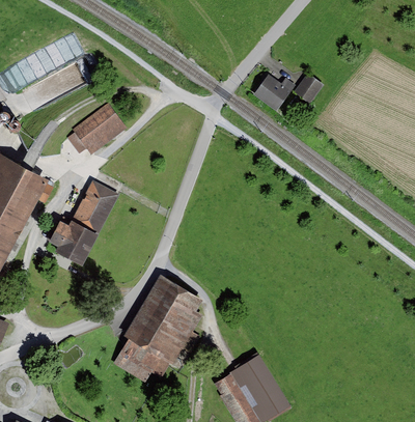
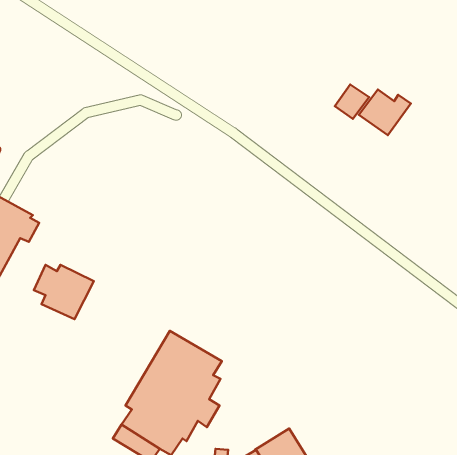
building: [252,75,295,112] -> [359,90,411,135]
building: [72,104,125,153] -> none
building: [71,181,117,235] -> none

